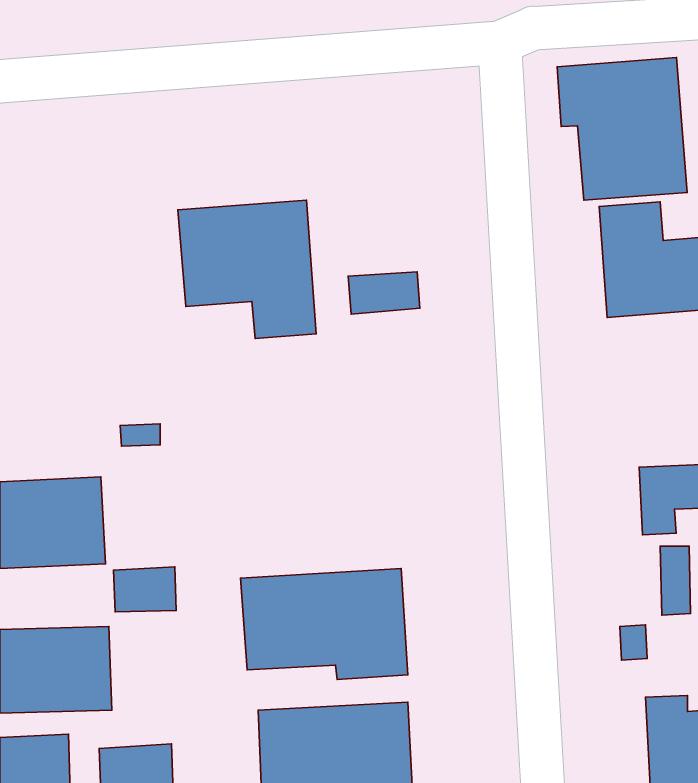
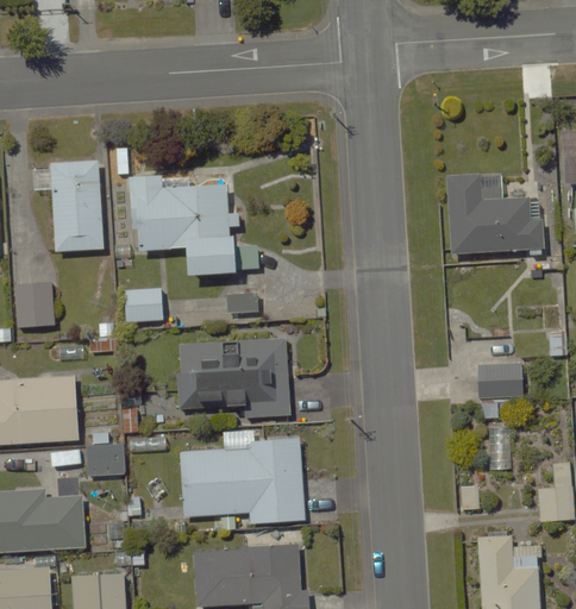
building: [557,57,687,200] -> none
building: none -> [52,161,106,251]
building: [348,272,420,314] -> none
building: none -> [14,284,56,328]
building: none -> [124,288,165,321]
building: none -> [177,339,288,410]

